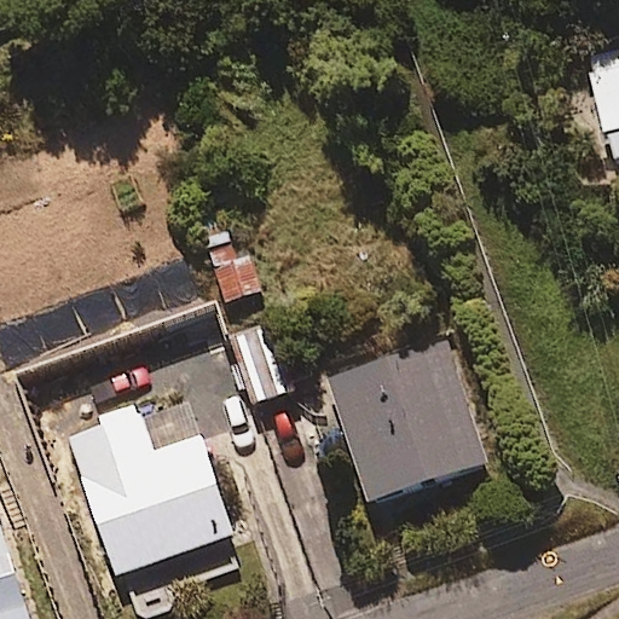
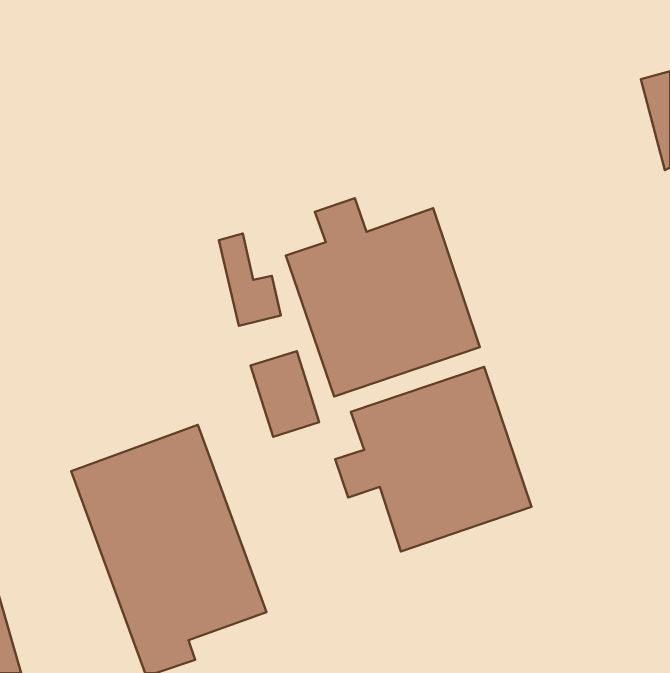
building: none -> [286,198,480,396]

